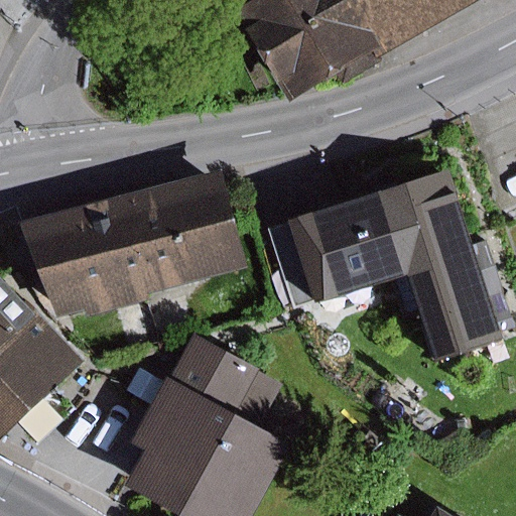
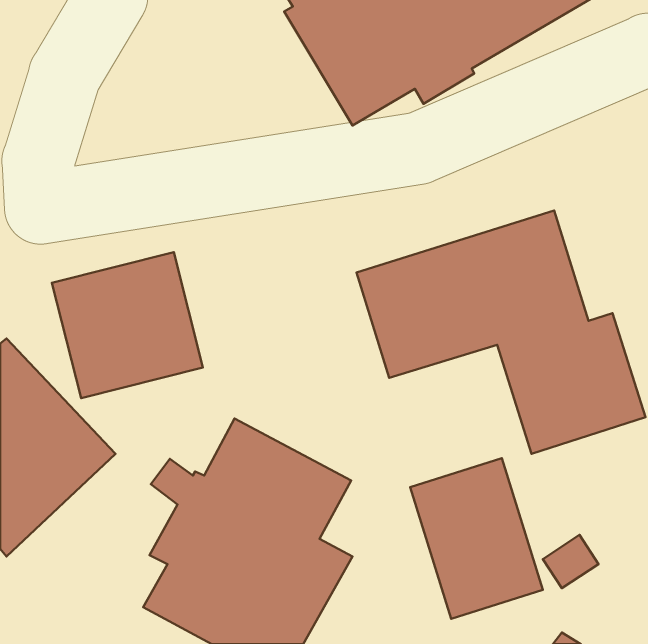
building: [138,178,254,292] -> none
building: none -> [410,458,543,619]

